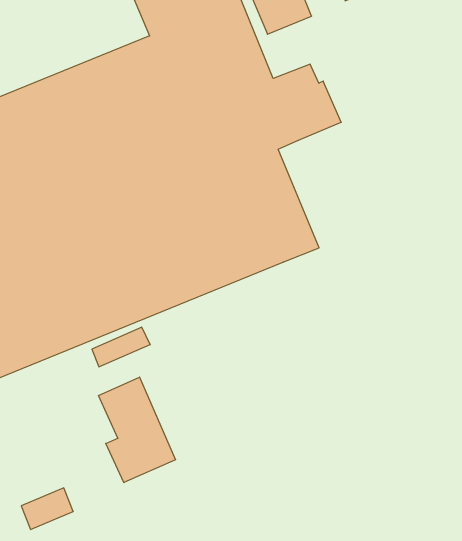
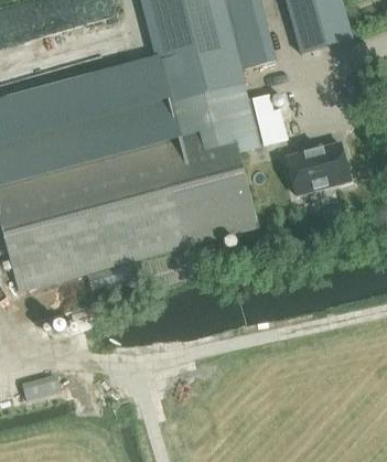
building: none -> [287,140,352,193]
building: [99,377,176,483] -> none

